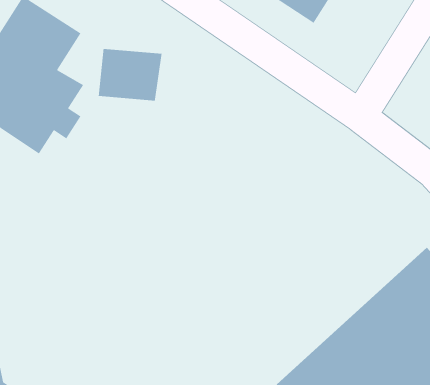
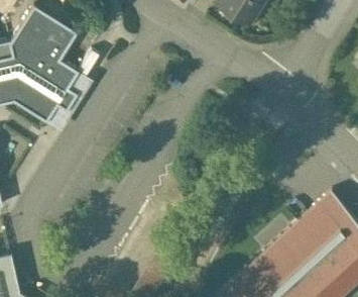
building: [98,48,163,102] -> none

